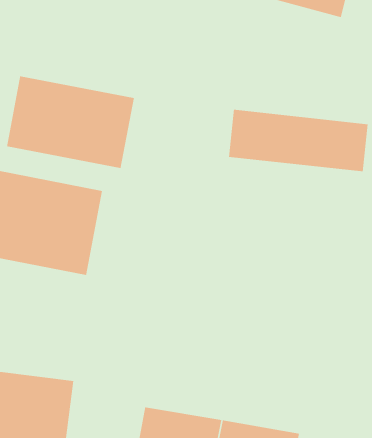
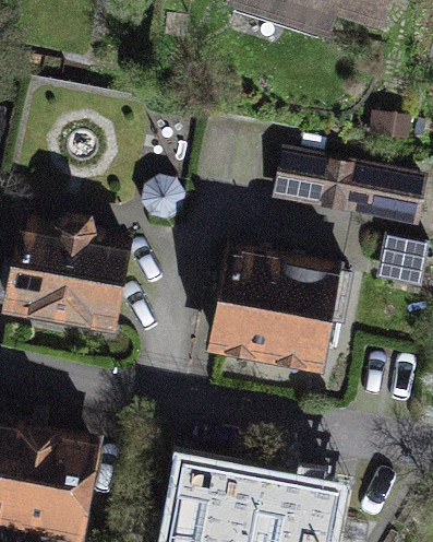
building: [6,75,134,169] -> none
building: none -> [206,245,349,374]

